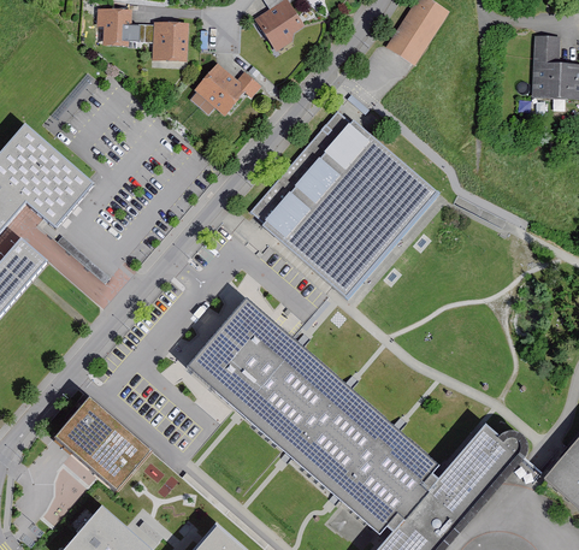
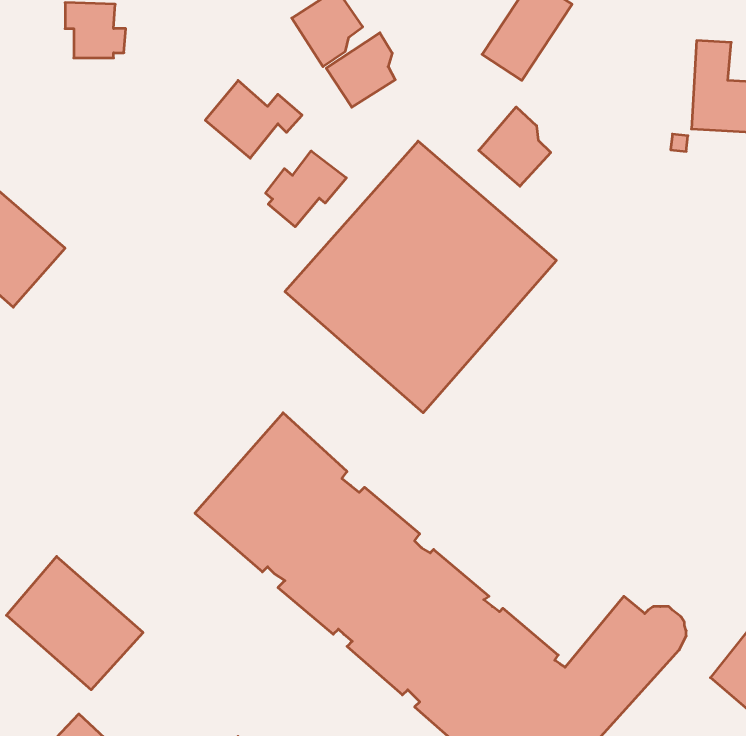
building: [138,25,187,64] -> none
building: none -> [326,33,395,107]
building: none -> [479,107,551,186]
building: none -> [266,151,346,227]

